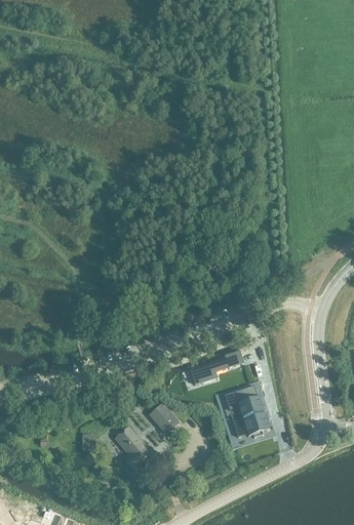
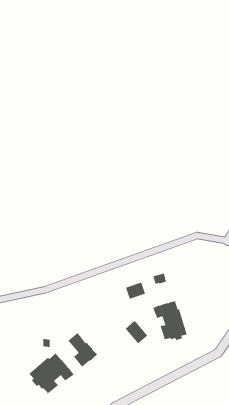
building: [150,403,180,434] -> [125,320,148,344]
building: none -> [28,352,75,396]

